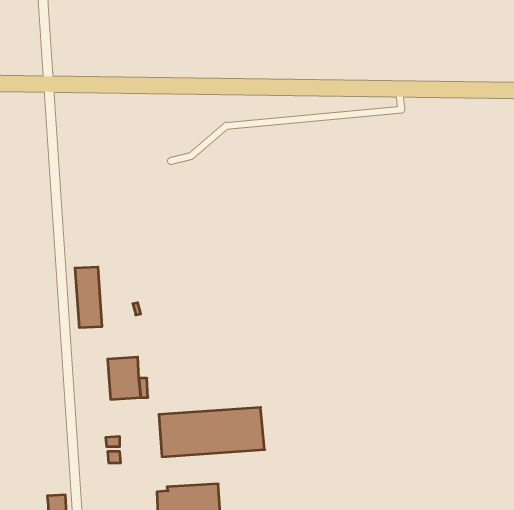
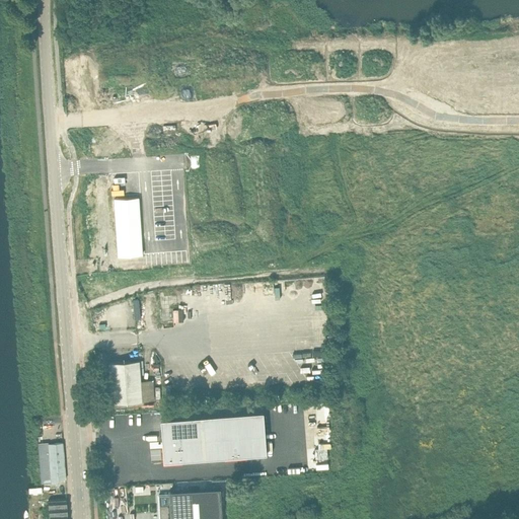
building: [75,267,102,327] -> [115,202,142,263]
building: none -> [38,446,65,487]

